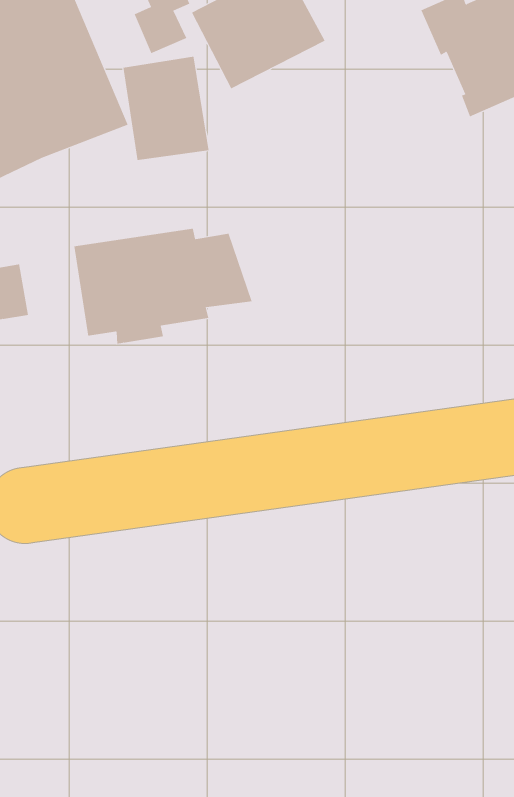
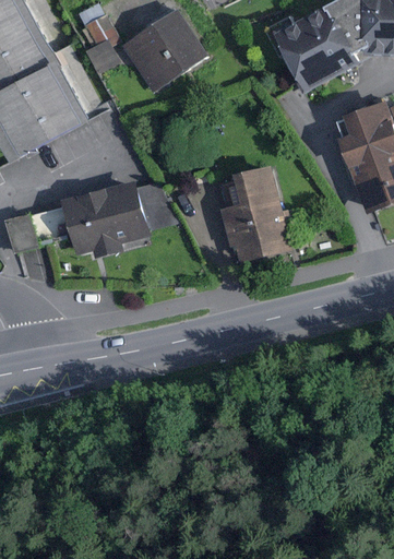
building: [123,56,209,161] -> none
building: none -> [219,165,292,263]

